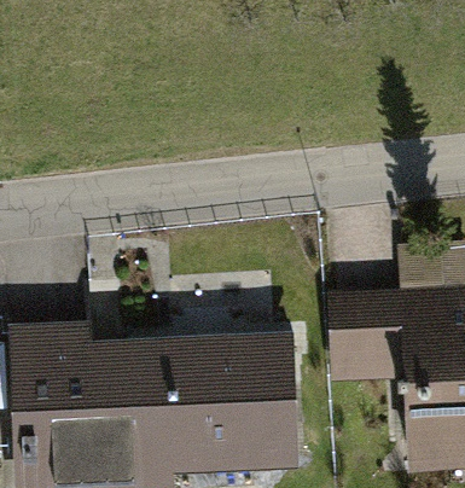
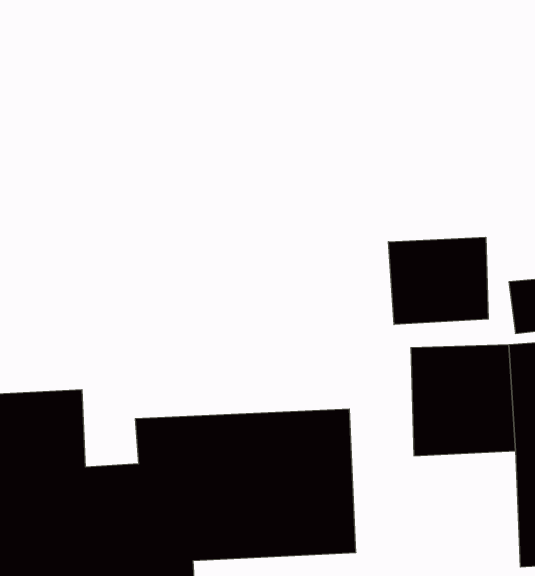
building: none -> [388,237,488,325]

